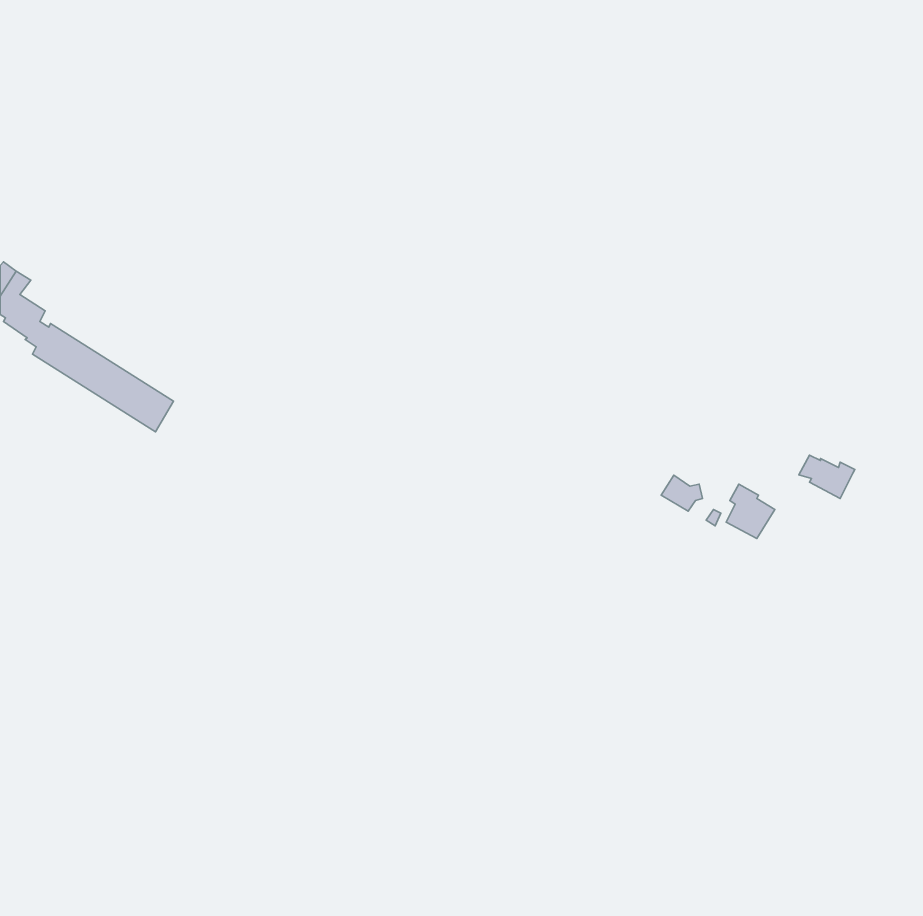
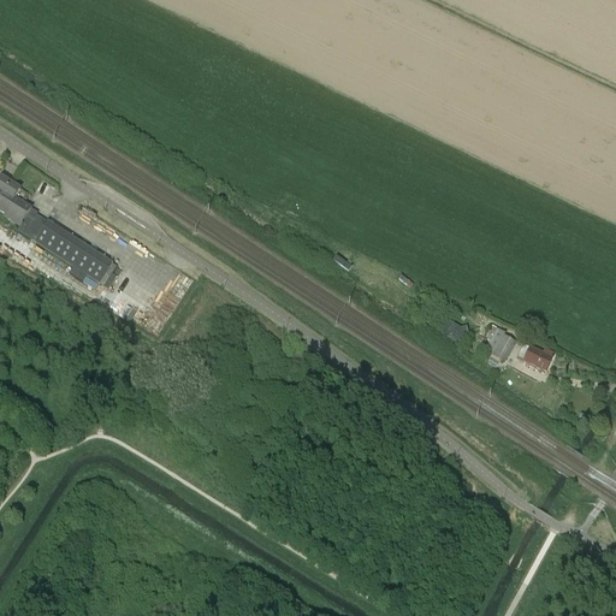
building: [799,455,855,498] -> [516,342,553,371]

